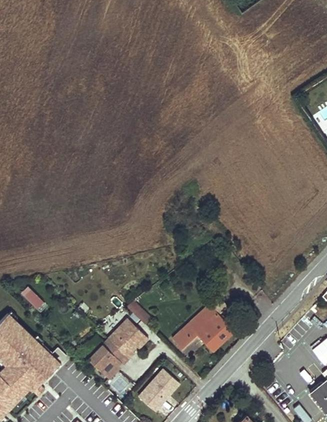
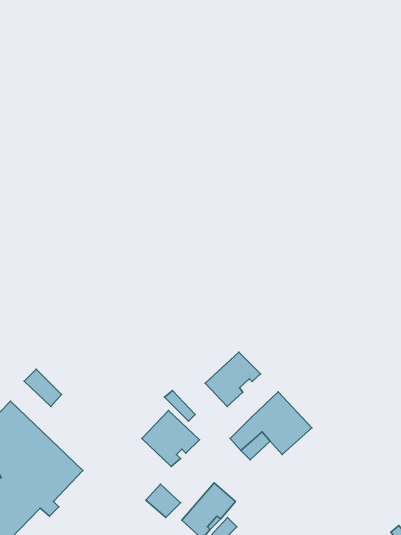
building: none -> [205,352,261,406]
building: [88,340,129,381] -> none

